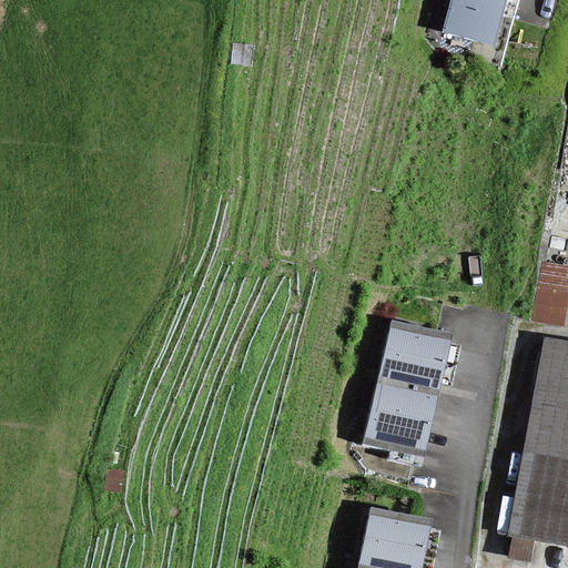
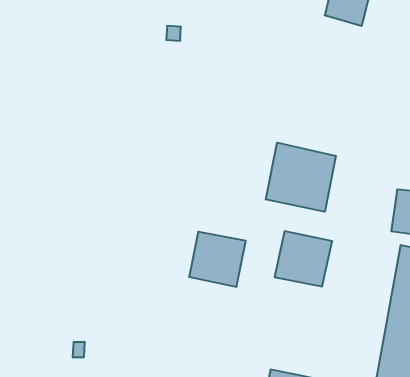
building: none -> [266,143,336,212]
building: [364,384,440,458] -> [189,232,246,287]

